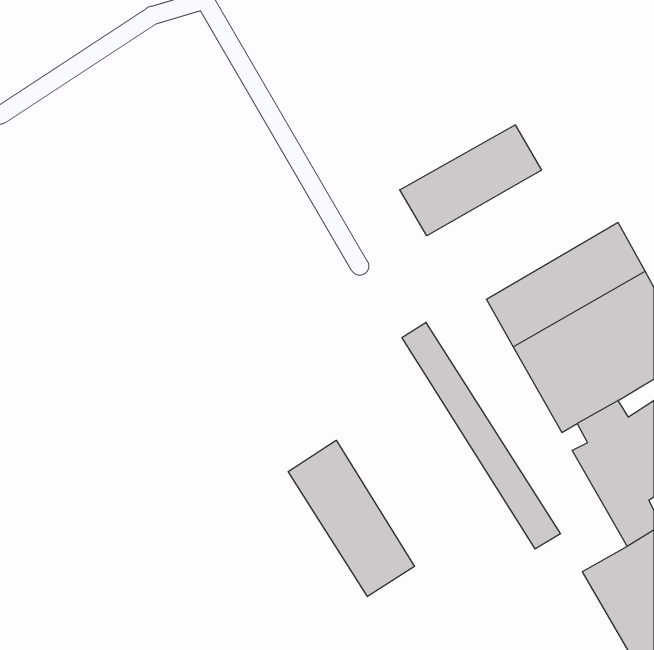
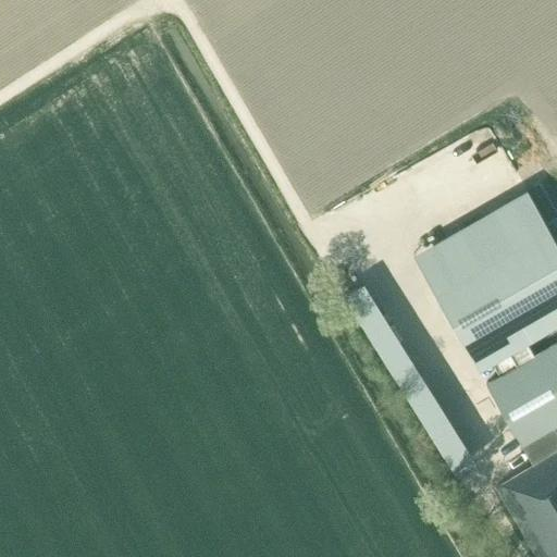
building: [400,125,541,236] -> none
building: [288,440,415,597] -> none

